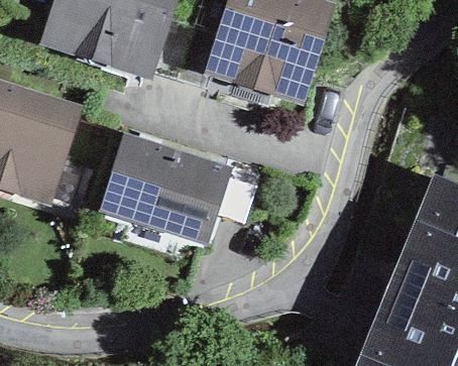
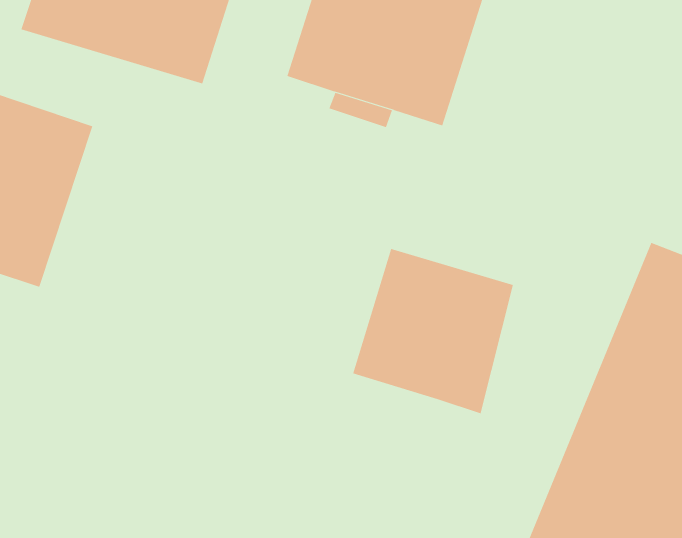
building: [99,134,231,246] -> none
building: none -> [353,248,514,414]

